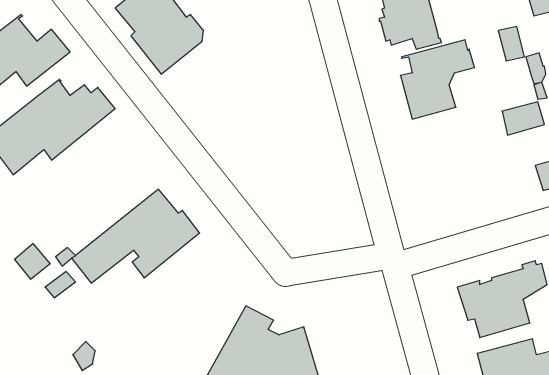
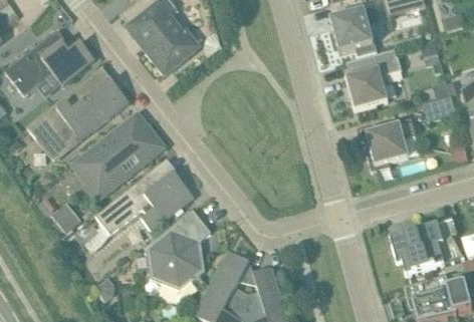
building: none -> [72,117,166,192]
building: none -> [367,118,417,171]
building: none -> [147,209,212,289]

